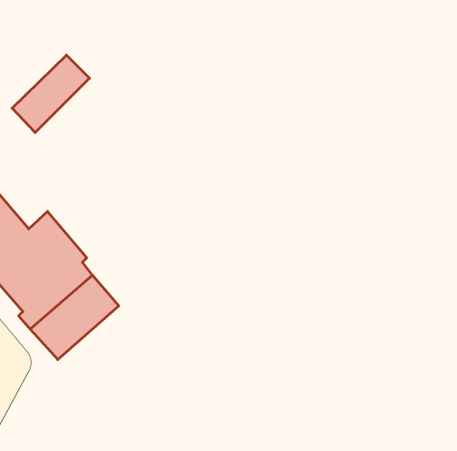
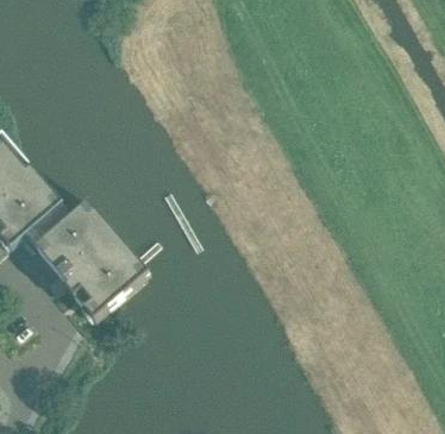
building: [12,55,90,133] -> none

